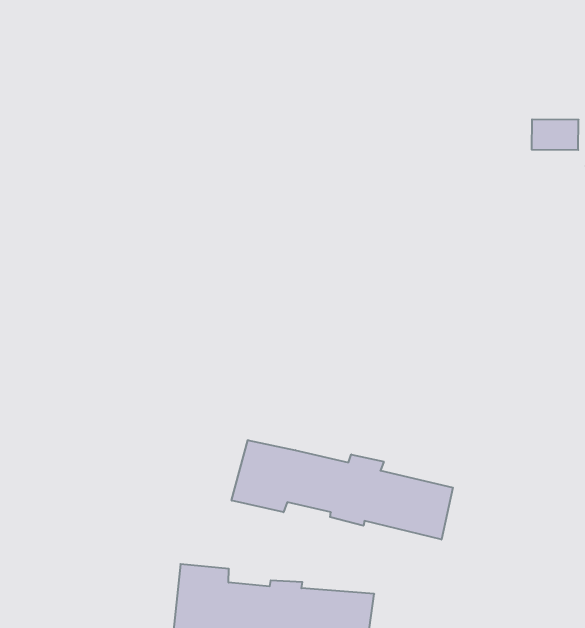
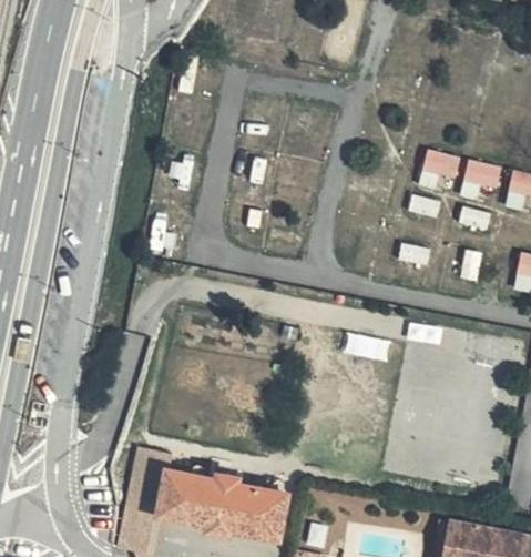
building: [232,440,453,540] -> none

